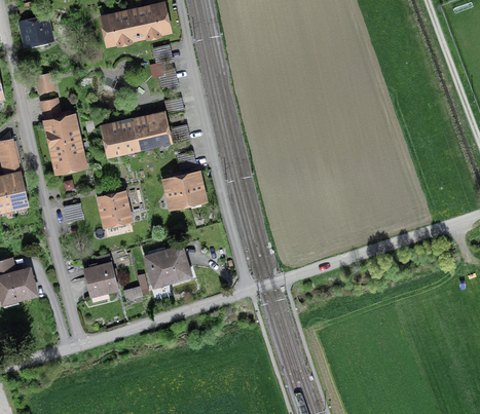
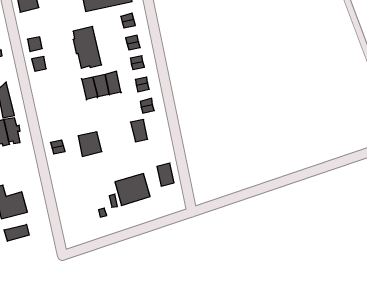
building: [148,113,169,144] -> none
building: [47,116,83,168] -> [73,26,102,68]
building: [182,174,204,202] -> [157,163,174,186]
building: [84,254,118,296] -> none
building: none -> [4,224,29,241]

